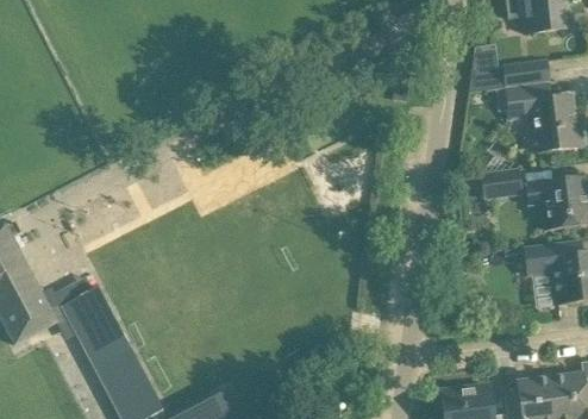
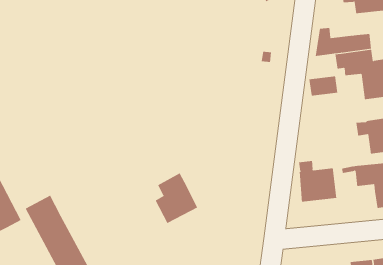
building: [480,168,521,196] -> [309,76,338,96]
building: none -> [298,160,337,202]
building: none -> [155,173,198,224]

